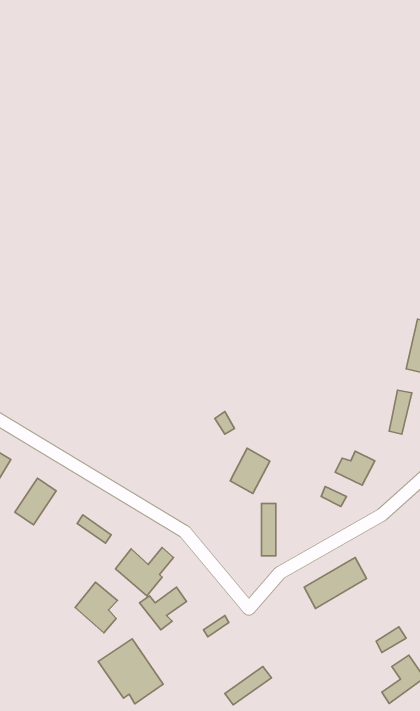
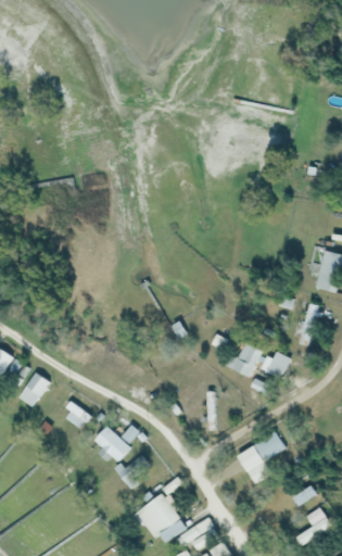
building: [230,448,270,494] -> [232,342,263,377]
building: [75,582,117,633] -> none
building: [98,639,163,704] -> [135,493,185,543]

